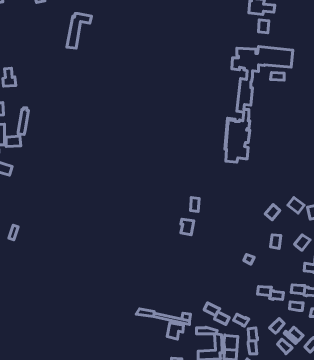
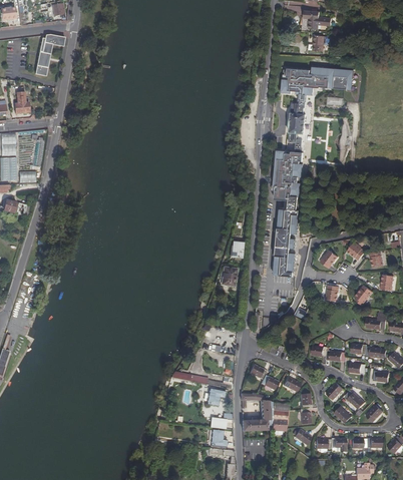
building: [67,14,92,48] -> [35,34,64,74]
building: none -> [273,195,298,277]

